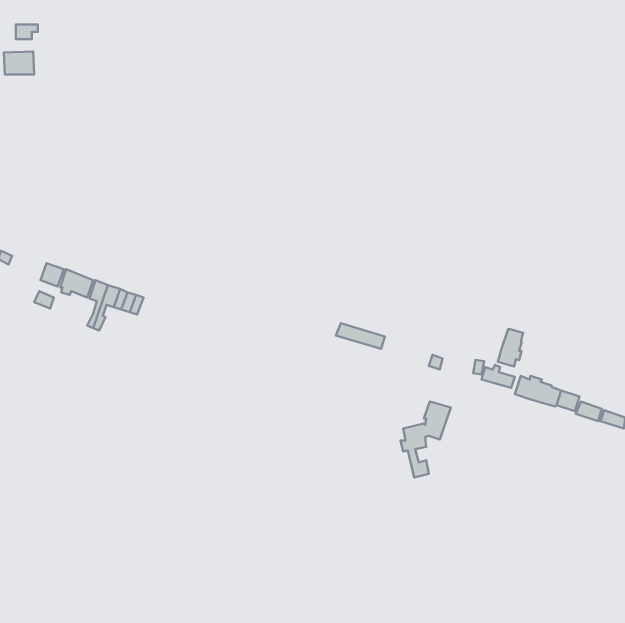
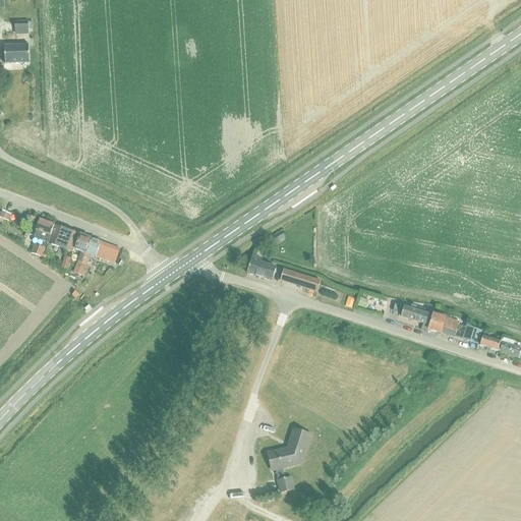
building: none -> [246,254,275,280]
building: [498,329,523,367] -> none
building: [401,401,451,477] -> [269,427,310,490]

